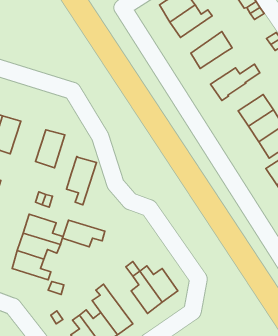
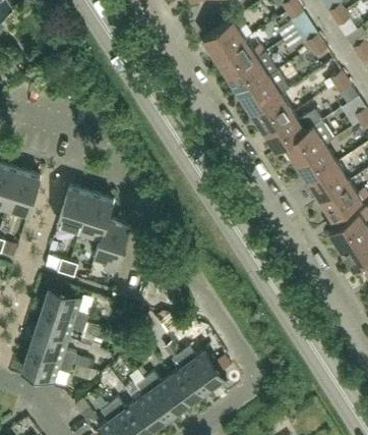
building: none -> [228,53,277,97]
building: none -> [251,96,293,133]
building: none -> [284,120,333,165]
building: none -> [79,194,113,238]
building: [62,220,105,247] -> [22,351,72,383]
building: none -> [144,375,189,417]

